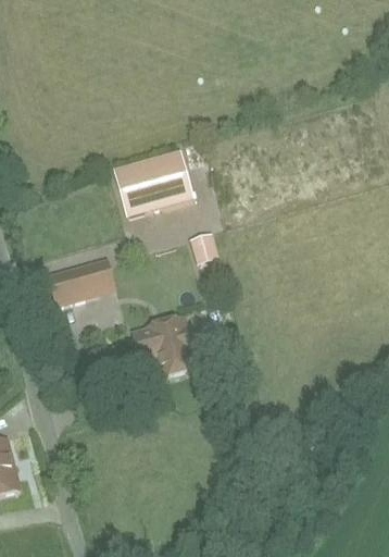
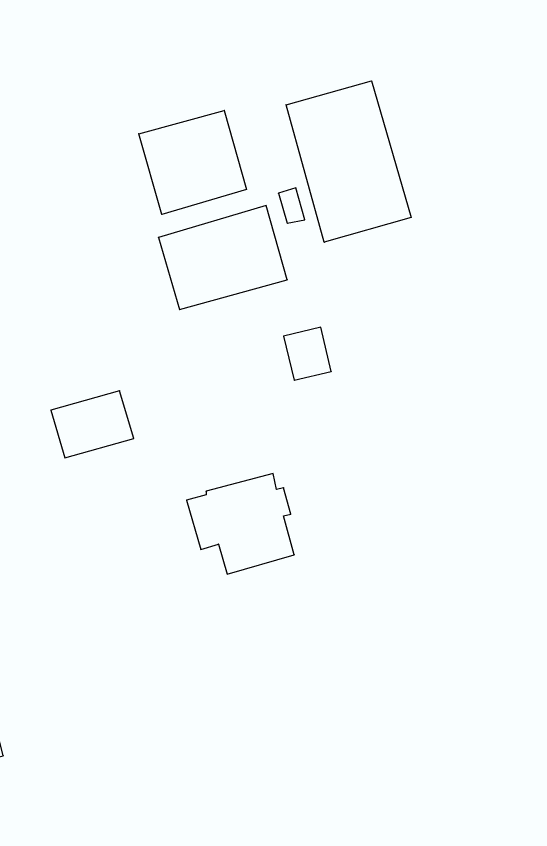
building: none -> [286,81,411,242]
building: none -> [139,110,246,214]

